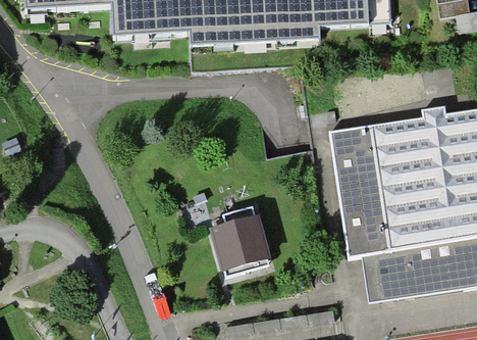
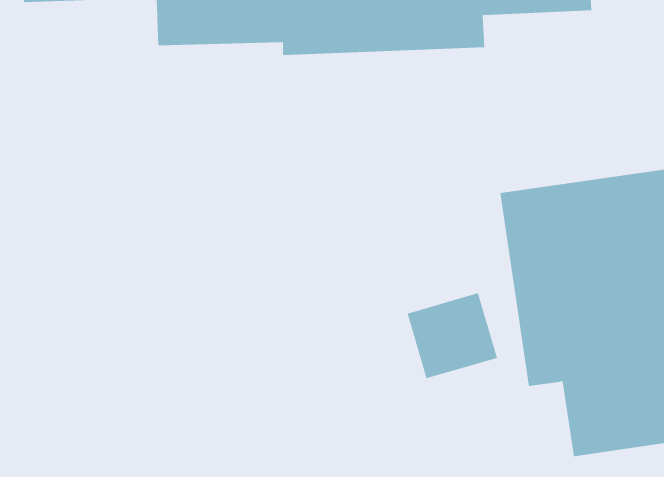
building: [209,215,267,271] -> [407,293,498,379]

